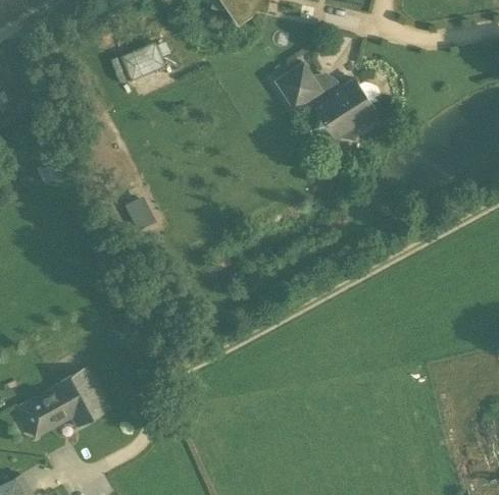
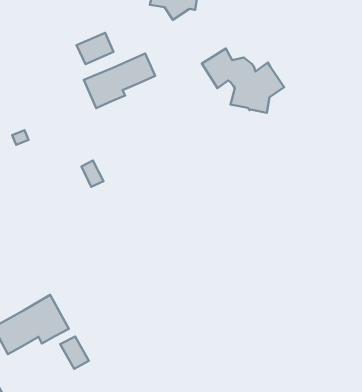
building: none -> [84,53,155,108]
building: none -> [60,336,89,369]

